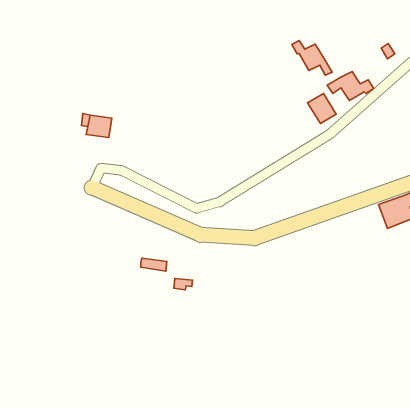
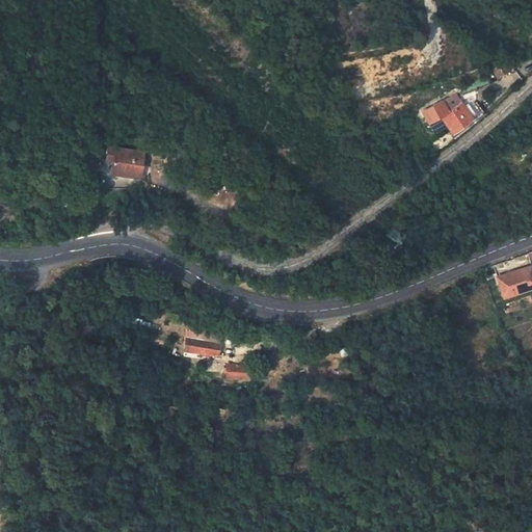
building: [292,41,332,75] -> none
building: [308,94,336,123] -> none

